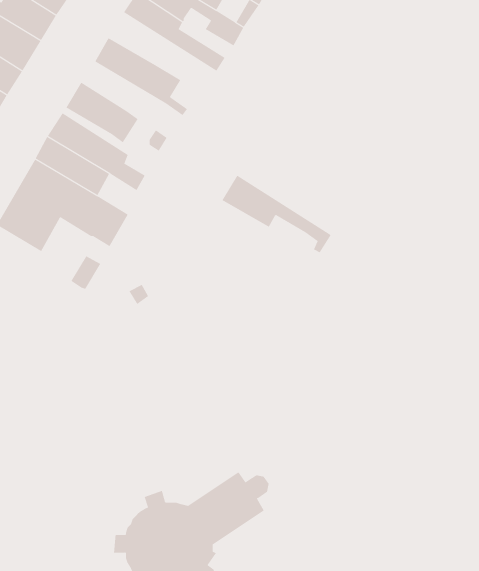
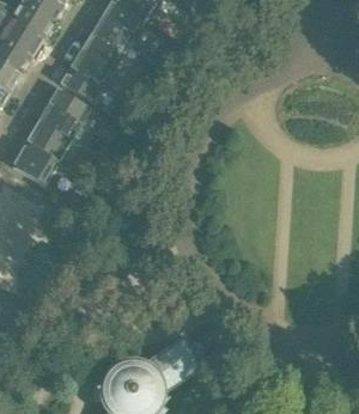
building: none -> [71,50,130,97]
building: [221,175,332,253] -> [90,16,168,71]

